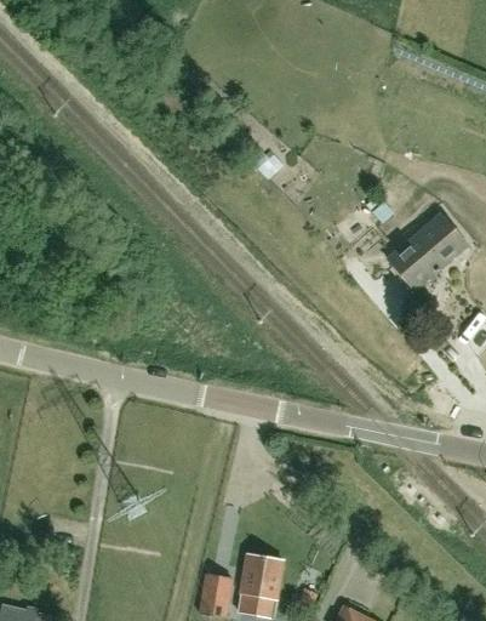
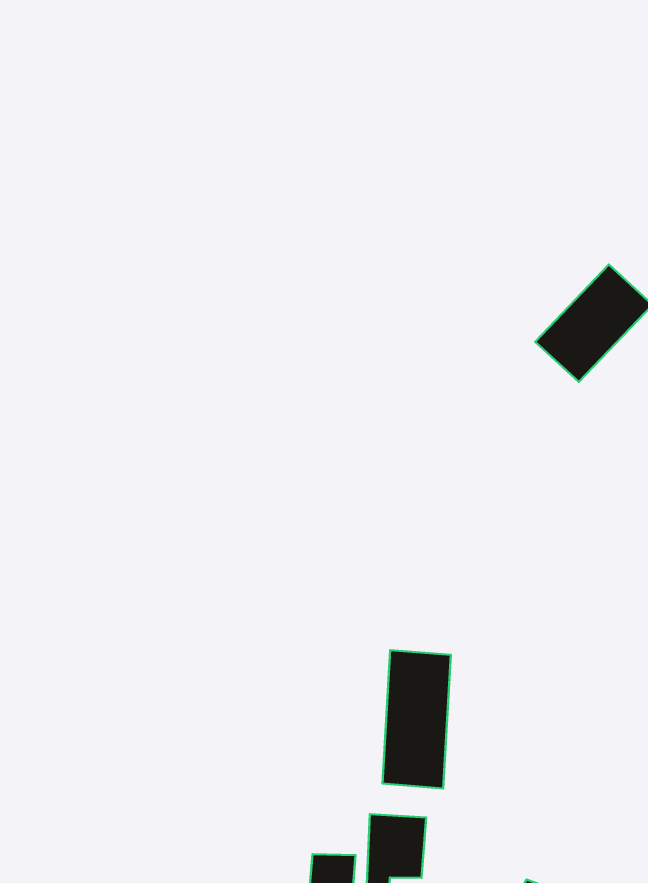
building: none -> [382,650,451,788]

